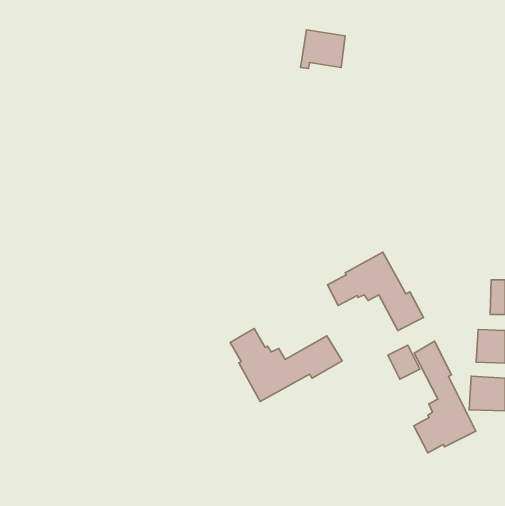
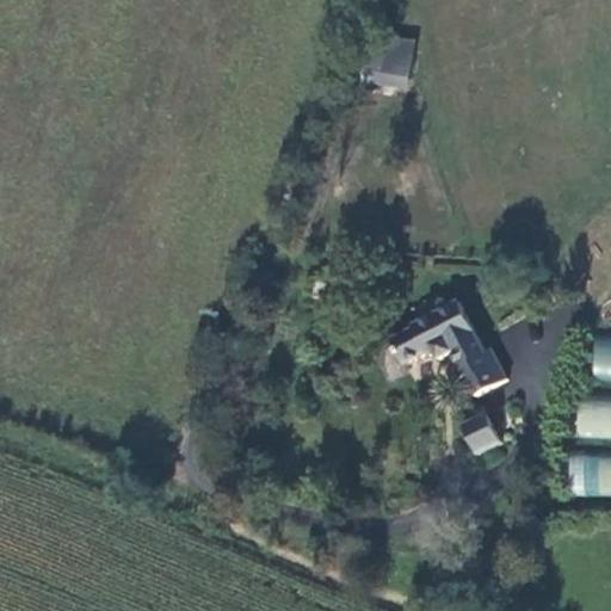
building: [230,329,342,402] -> none
building: [414,341,476,453] -> none

